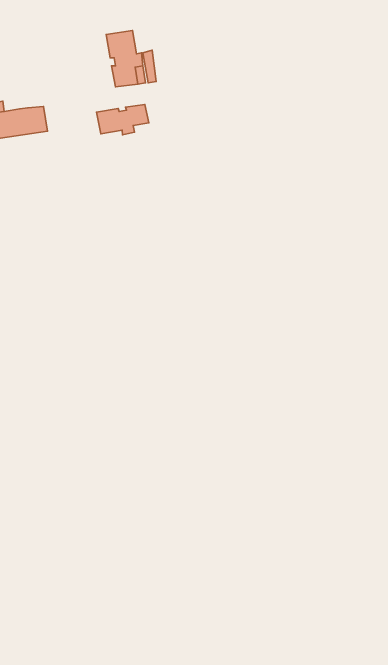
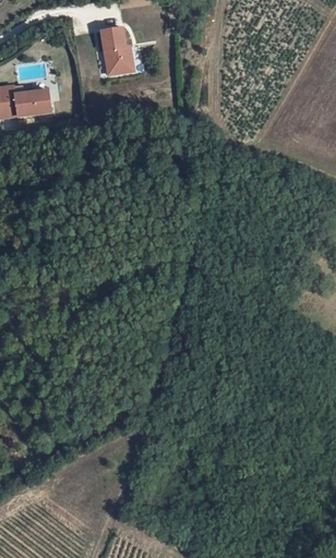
building: [97,104,149,135] -> none

